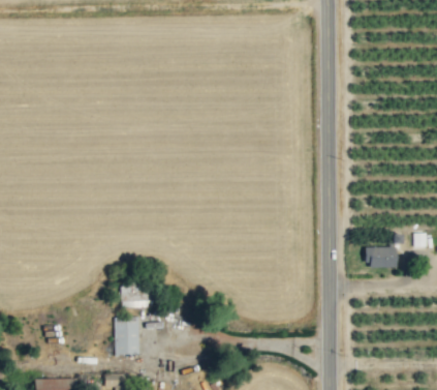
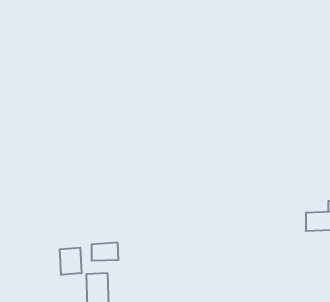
building: none -> [60,248,82,275]

